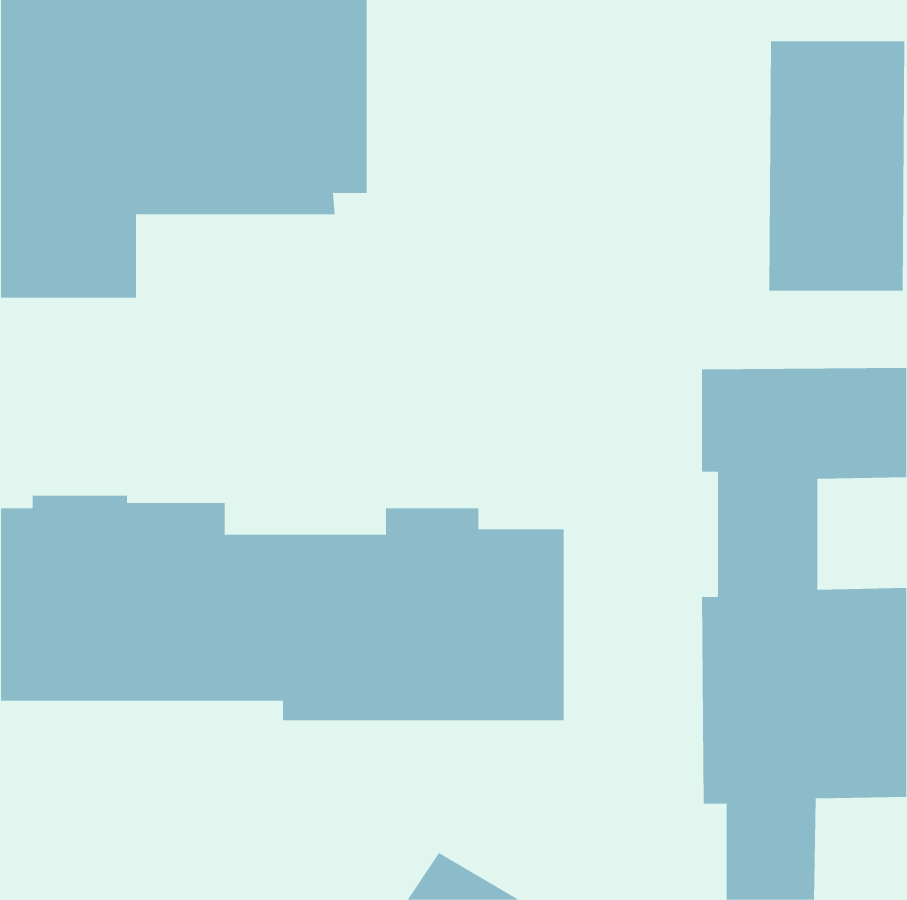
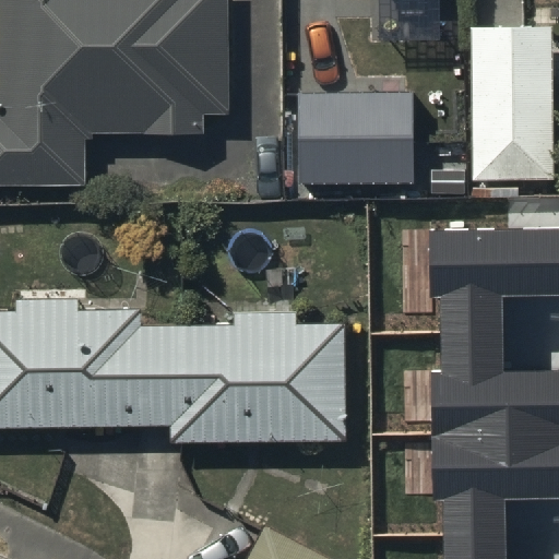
building: none -> [300,87,416,180]

